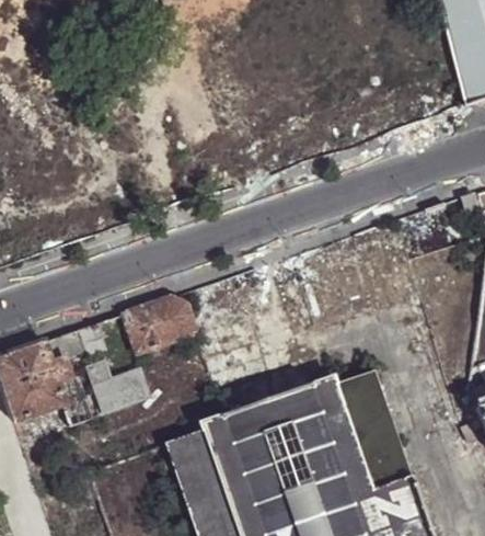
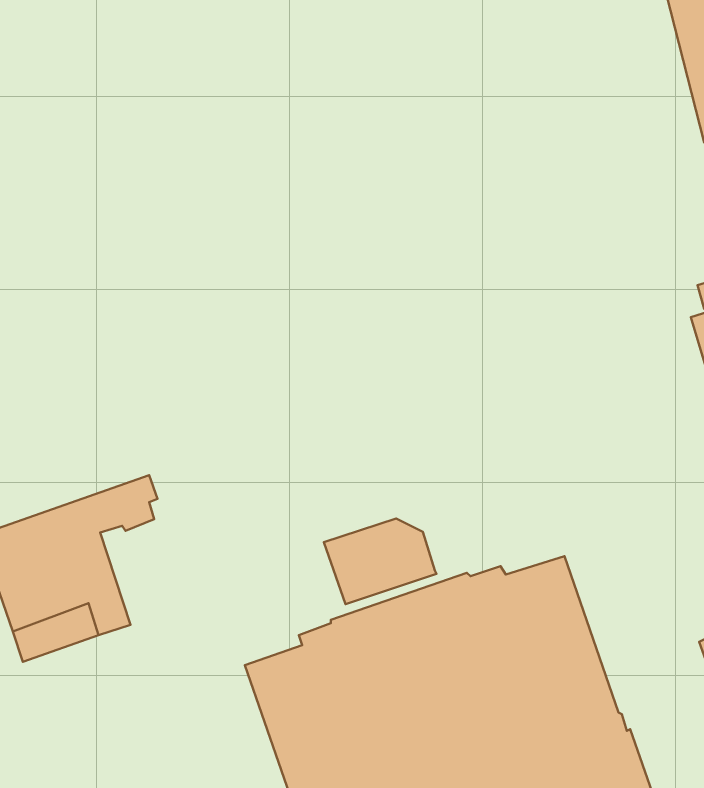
building: [124,298,197,354] -> [324,518,436,604]
building: [88,362,150,412] -> none

